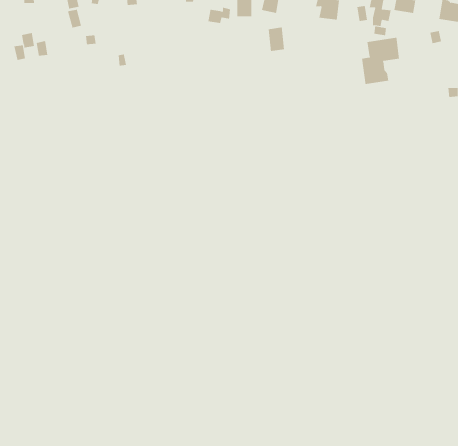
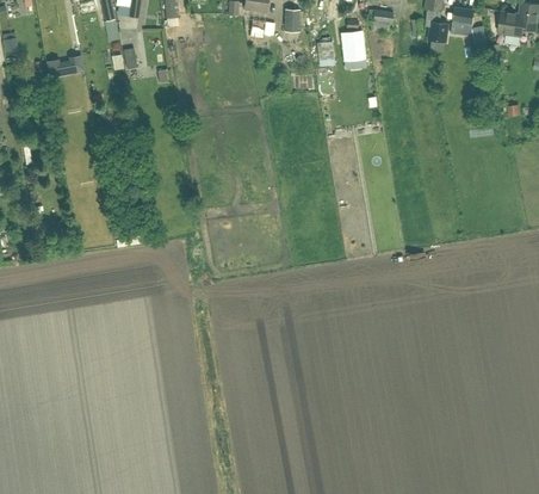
building: none -> [341,30,365,61]
building: [361,37,399,85] -> none

